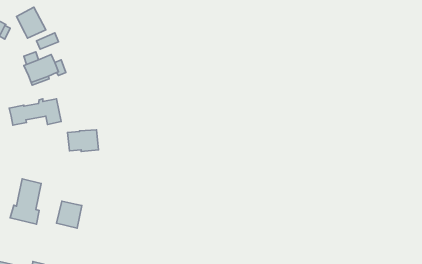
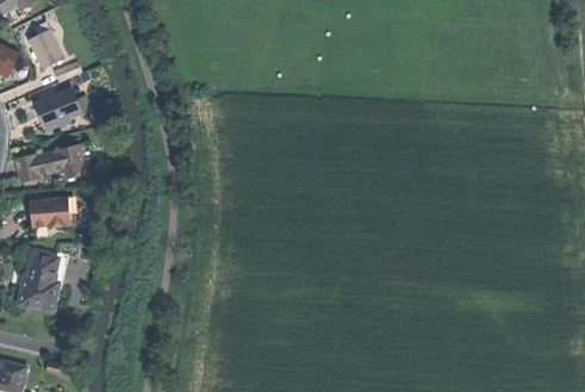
building: [68,130,98,152] -> [30,198,70,226]
building: [56,201,82,228] -> none

